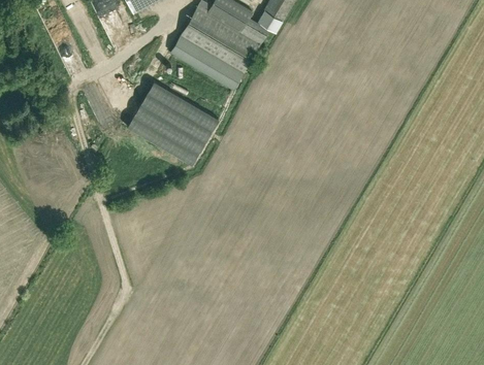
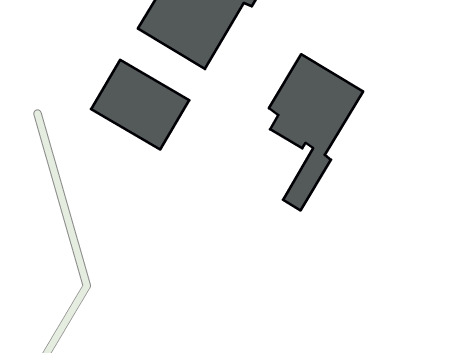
building: none -> [269,54,363,210]

